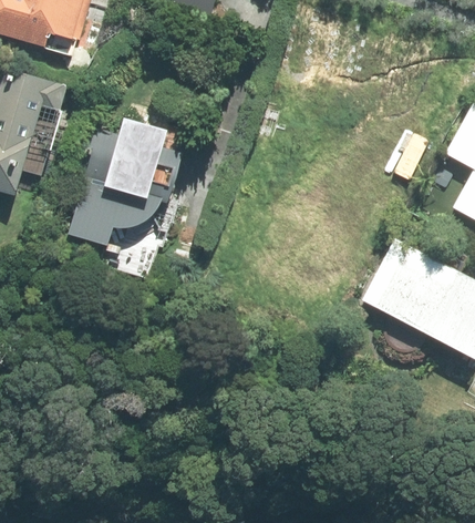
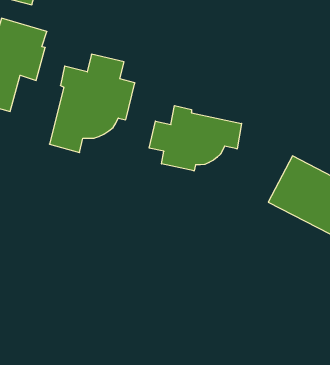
building: none -> [149,106,242,171]

